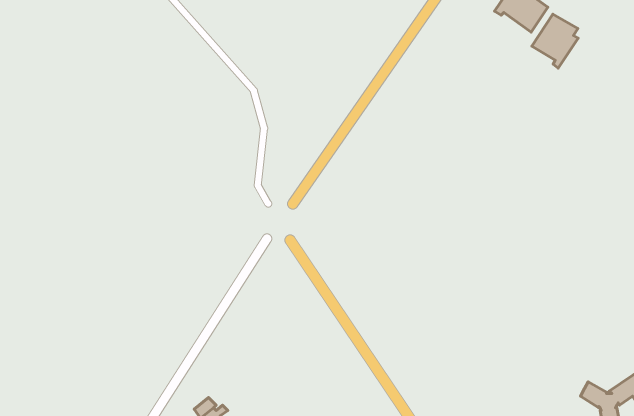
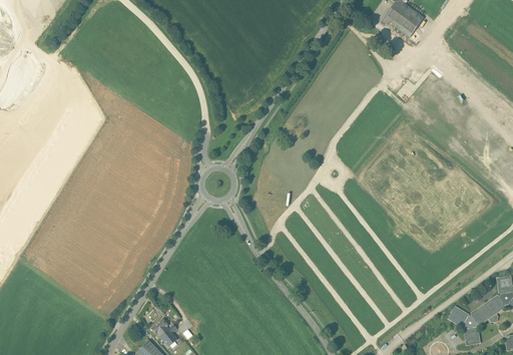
building: [532,14,578,68] -> none

